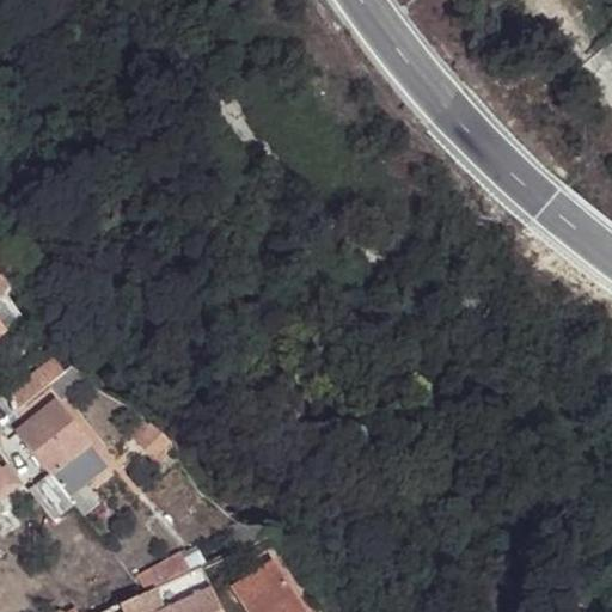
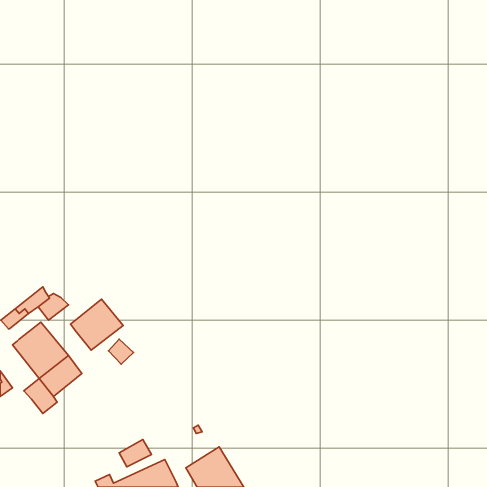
building: none -> [70,299,123,350]

